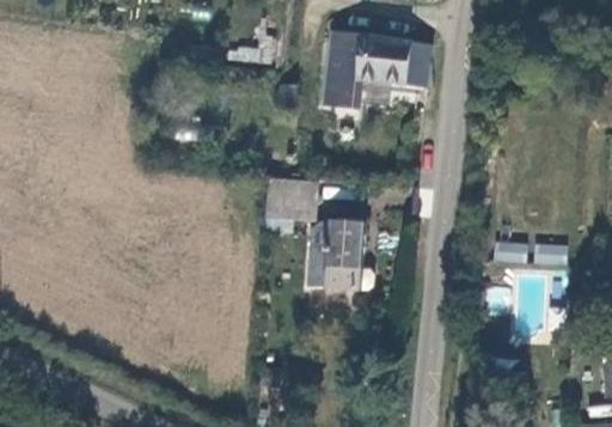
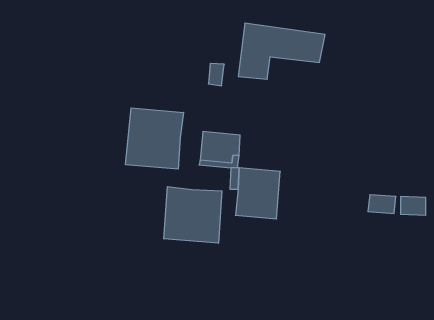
building: none -> [126,108,184,169]
building: none -> [164,187,222,243]

